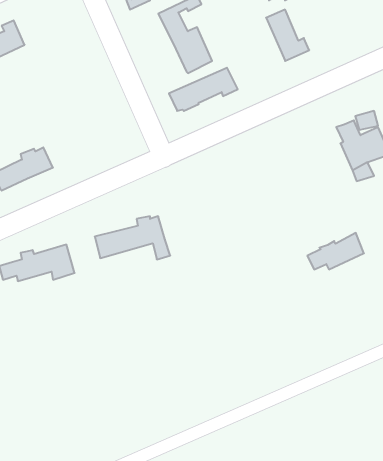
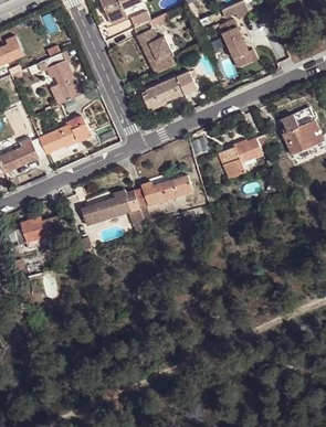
building: none -> [35,49,80,104]
building: none -> [38,116,87,153]
building: none -> [132,180,193,212]
building: [307,233,364,269] -> [224,142,271,172]

